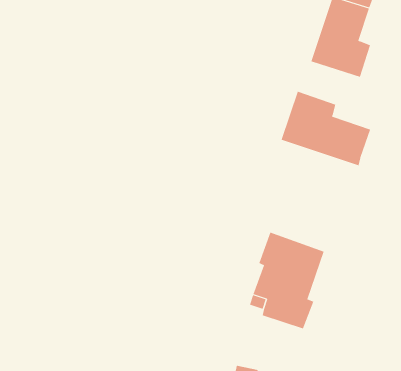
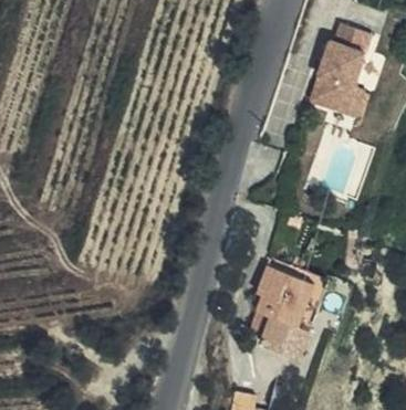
building: [281,91,371,166] -> none

